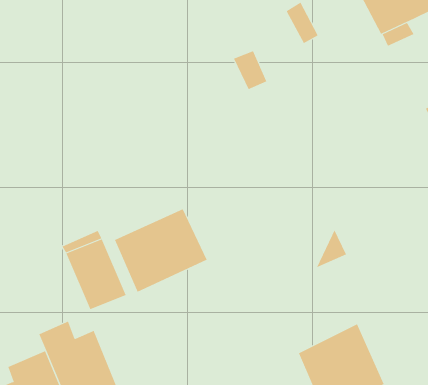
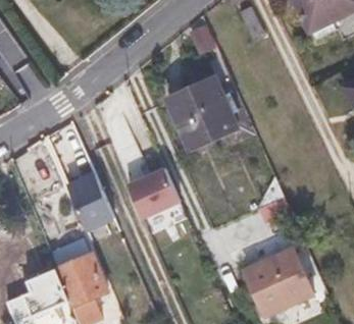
building: none -> [168,75,245,145]

